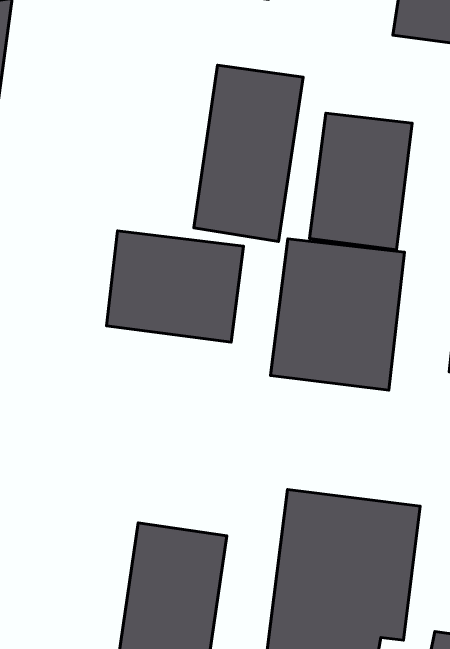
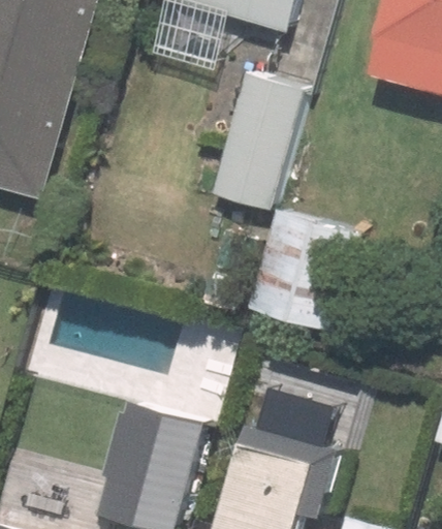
building: [309,113,412,250] -> none
building: [106,231,244,342] -> none

